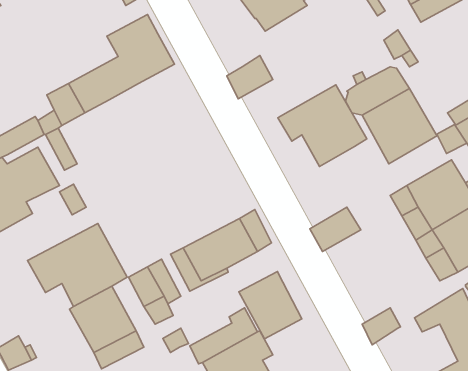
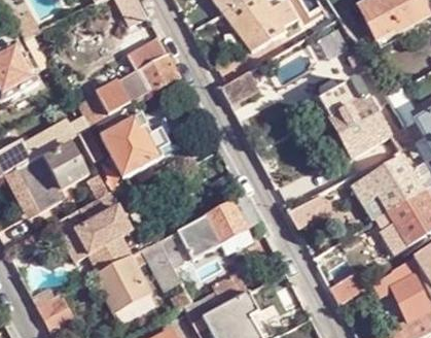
building: [278,85,367,166] -> none
building: none -> [100,114,158,176]
building: [239,271,302,339] -> none

